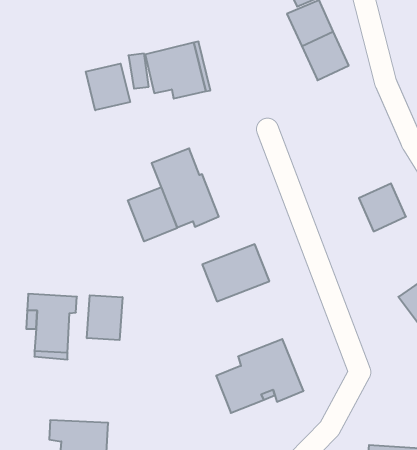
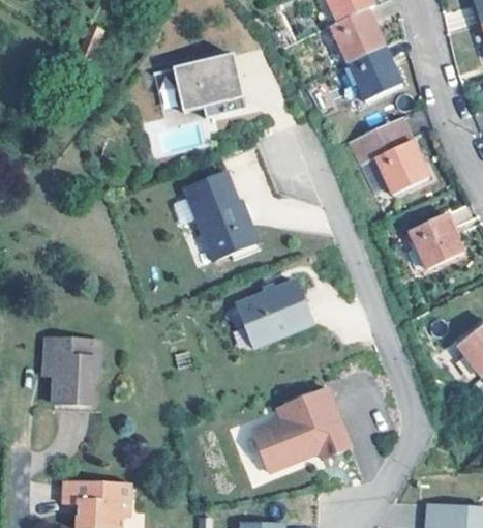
building: [86,64,130,110] -> none
building: none -> [354,113,432,190]
building: [128,187,177,241] -> none
building: [87,295,122,340] -> none

